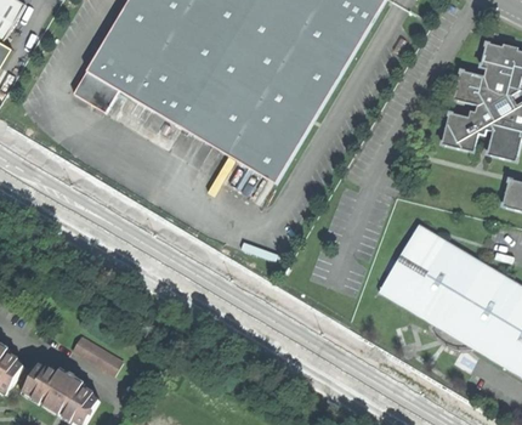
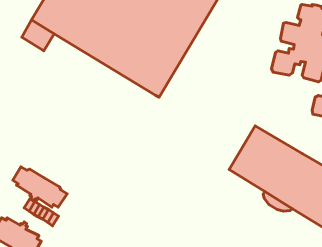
building: none -> [13,167,67,207]

